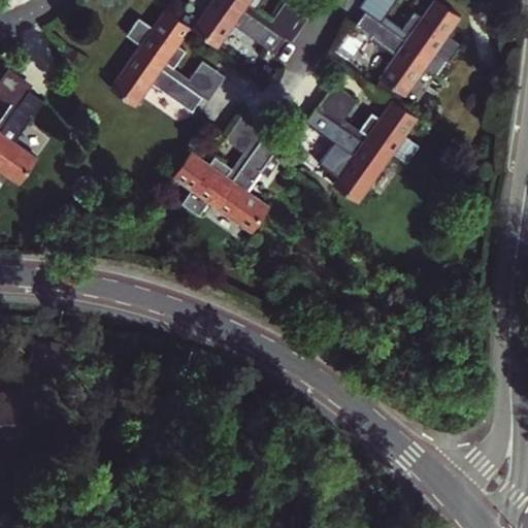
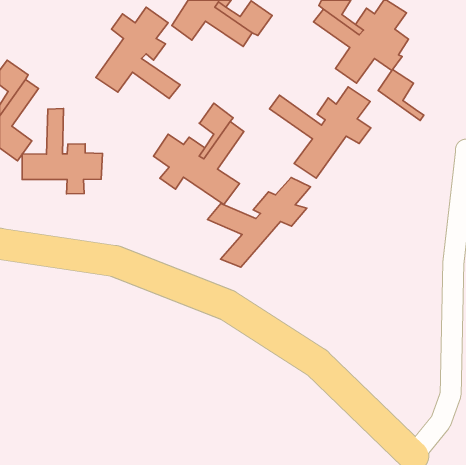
building: [160,61,226,101] -> none
building: [316,86,367,143] -> [378,69,424,121]
building: none -> [22,109,102,194]
building: none -> [207,177,310,267]

